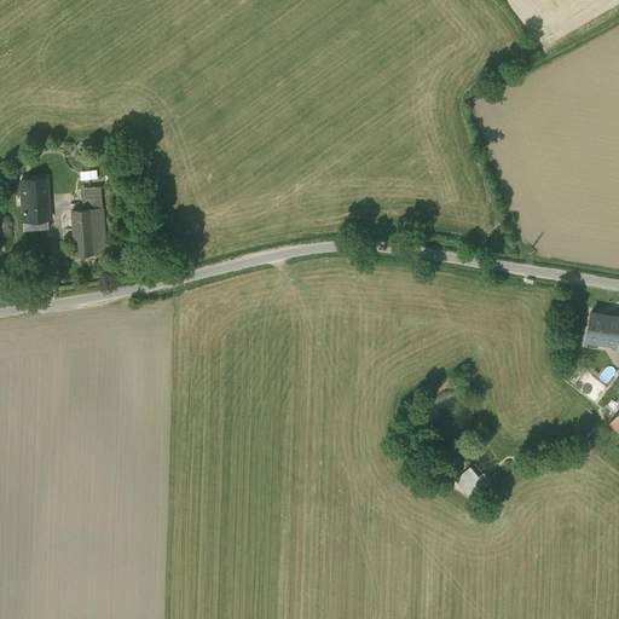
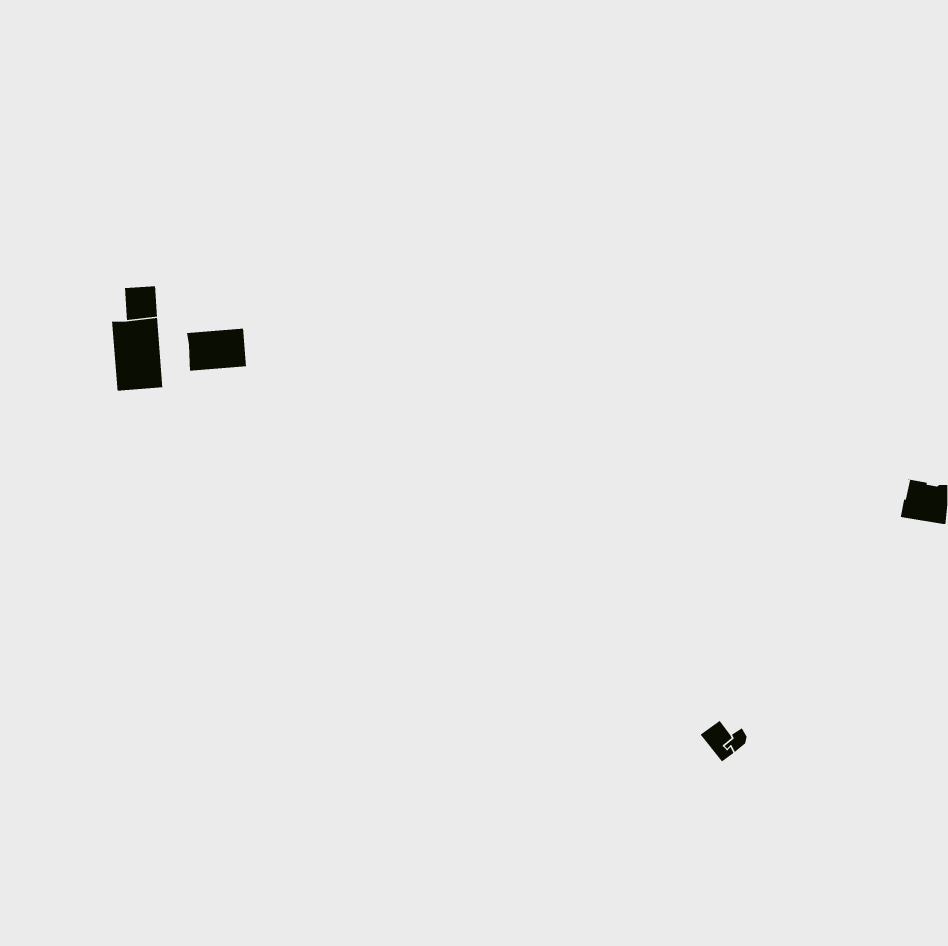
building: [22,179,50,231] -> none
building: none -> [186,328,247,371]

